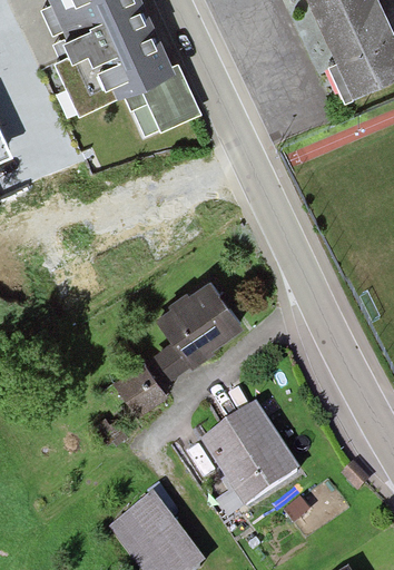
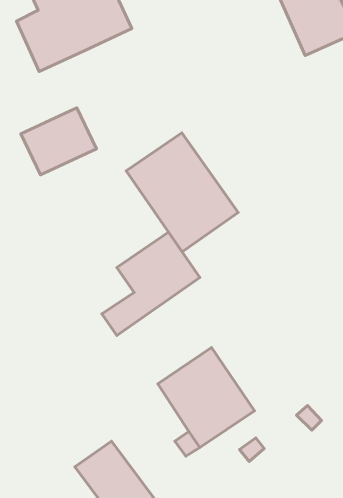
building: [122,68,200,137] -> [21,108,96,175]
building: none -> [126,133,238,252]
building: [112,366,165,419] -> none

